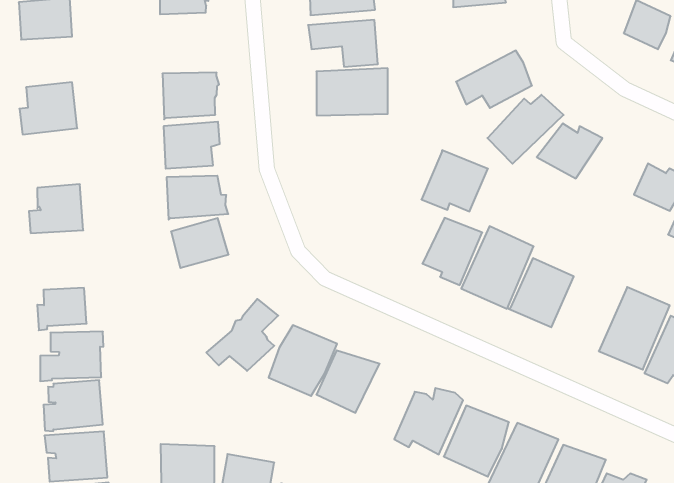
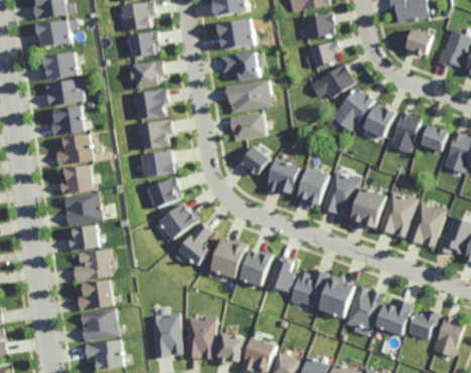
building: none -> [307,42,336,70]
building: none -> [129,61,163,89]
building: none -> [44,76,84,106]
building: none -> [228,112,264,140]
building: none -> [54,132,93,165]
building: none -> [388,112,421,152]
building: [421,150,488,211] -> [263,158,302,194]
building: none -> [238,146,268,175]
building: none -> [62,193,101,225]
building: none -> [156,201,199,241]
building: none -> [377,191,419,238]
building: none -> [267,258,296,293]

